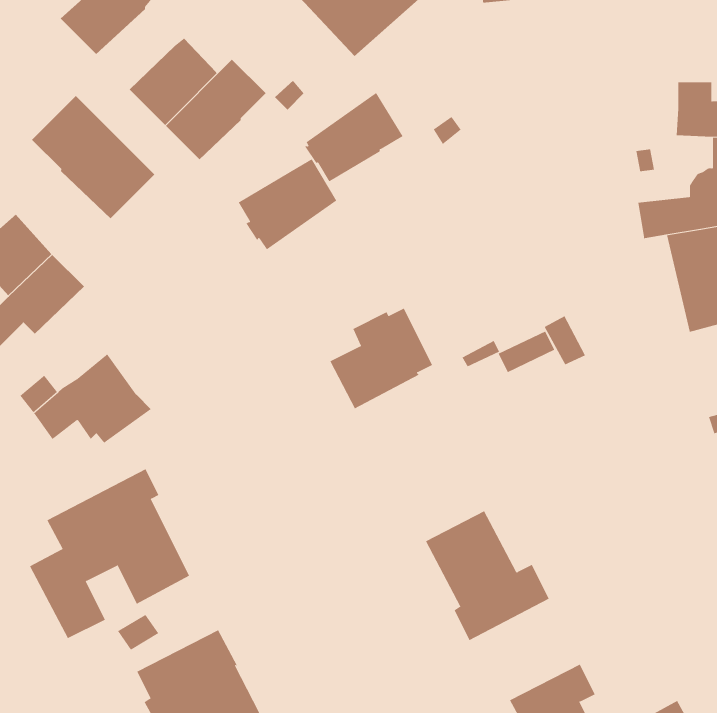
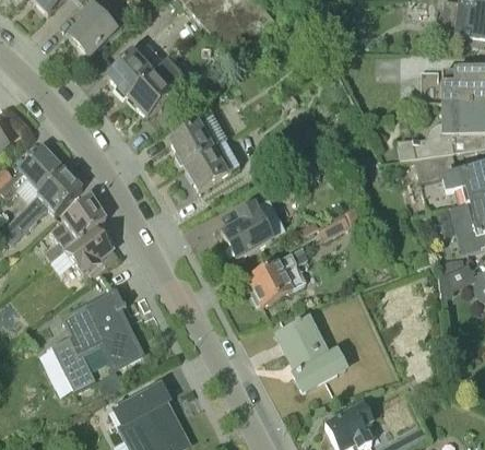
building: [304,92,403,182] -> [185,138,241,189]
building: [31,95,155,219] -> none
building: none -> [61,194,105,239]
building: none -> [247,247,307,303]

